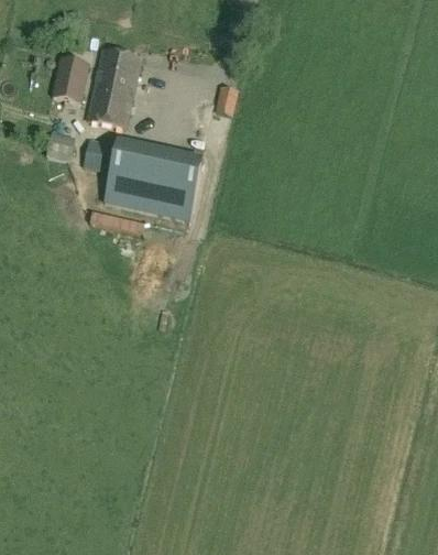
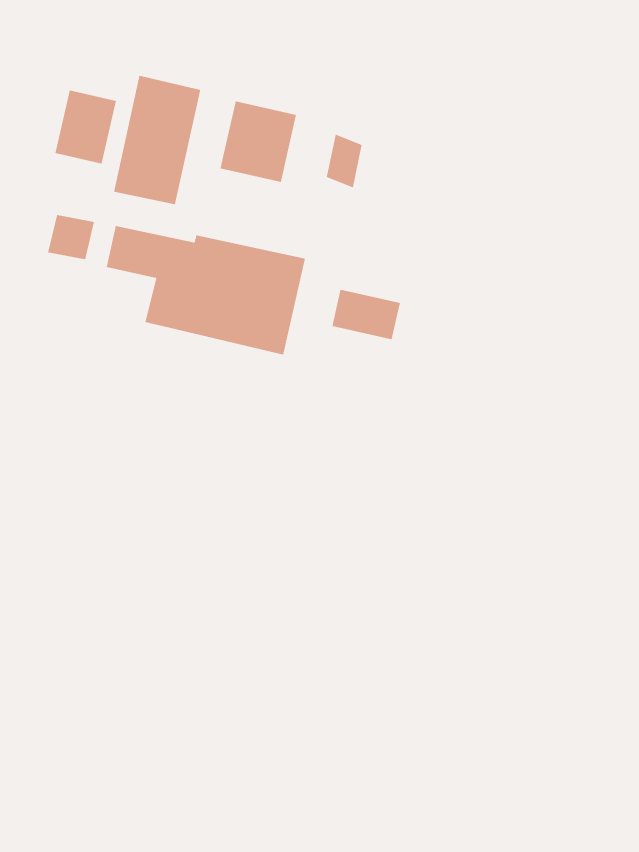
building: none -> [220,101,297,183]
building: none -> [332,289,401,340]

